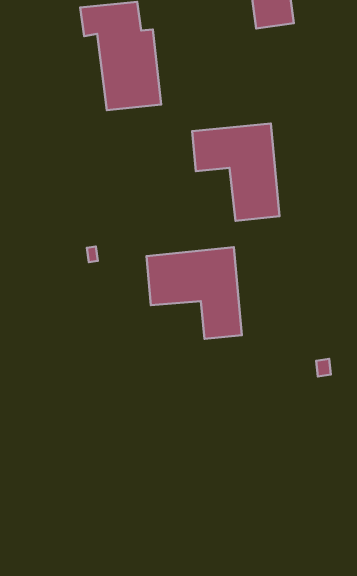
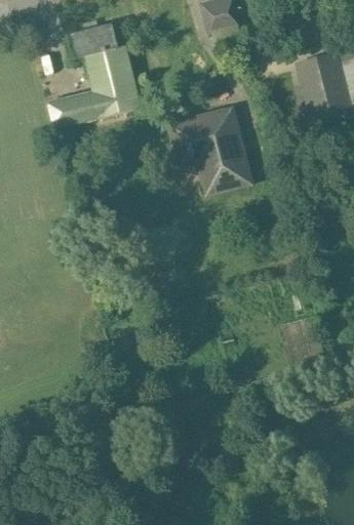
building: none -> [47,89,95,127]
building: [147,247,242,339] -> none

